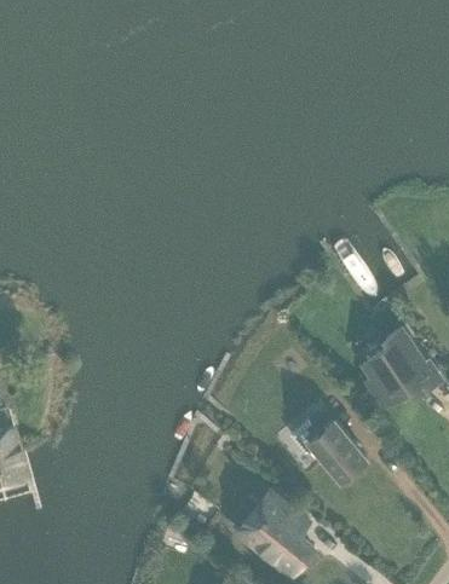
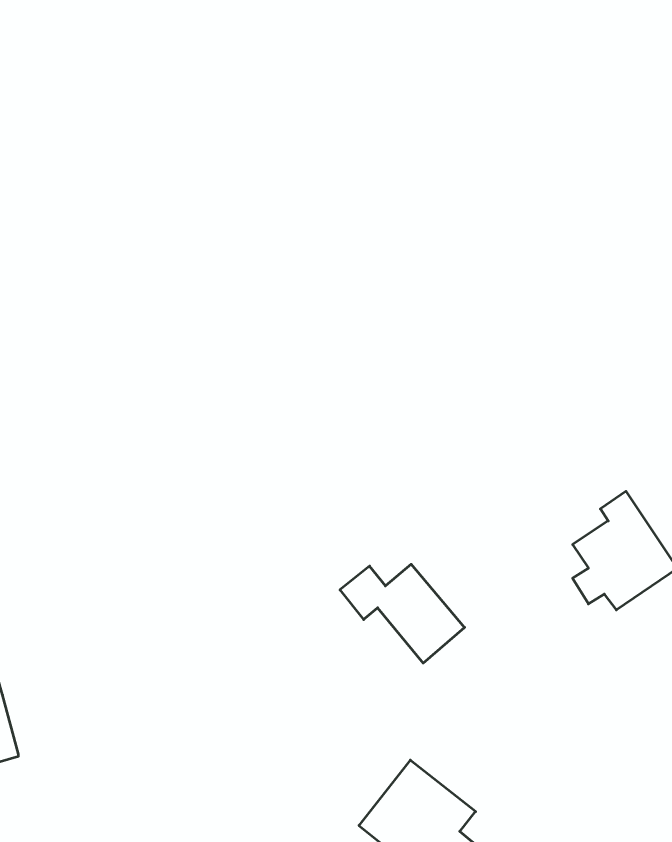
building: [289,423,365,484] -> [340,564,465,663]

